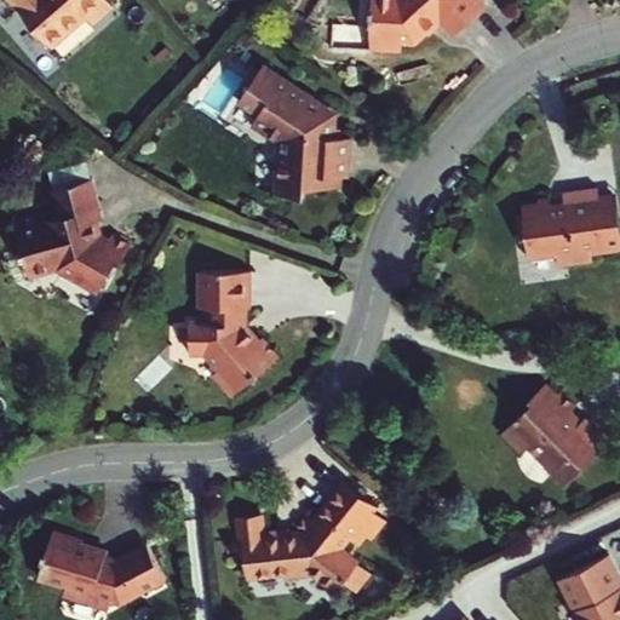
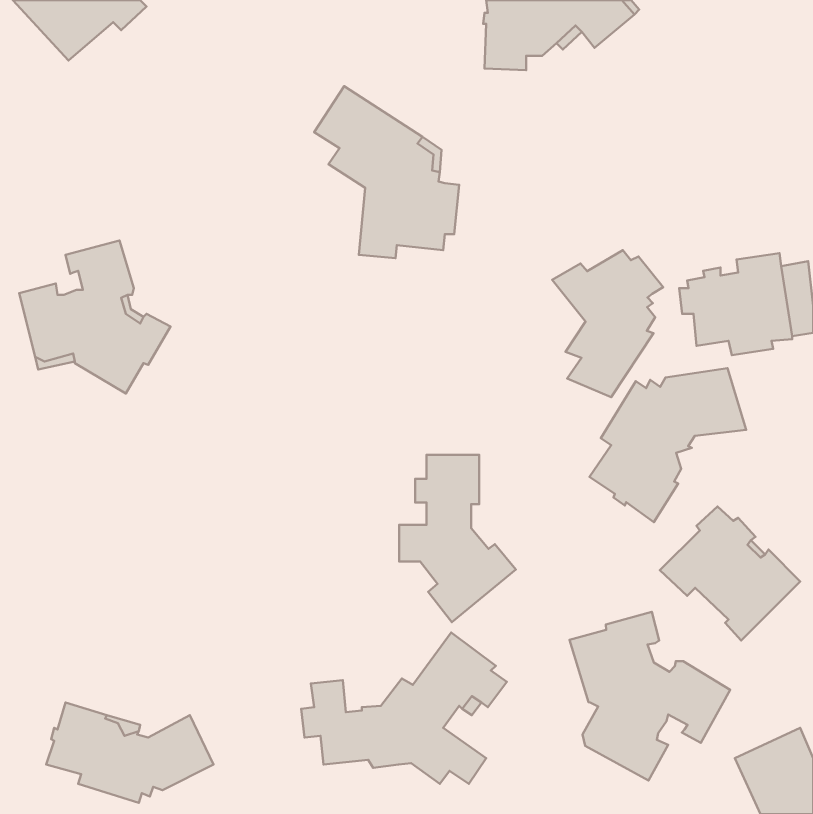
building: none -> [552,250,663,397]
building: [188,272,276,400] -> [399,455,516,622]
building: none -> [590,368,746,522]
building: none -> [570,612,730,781]

